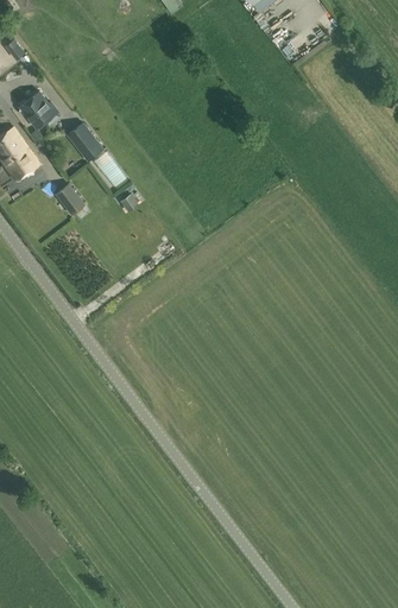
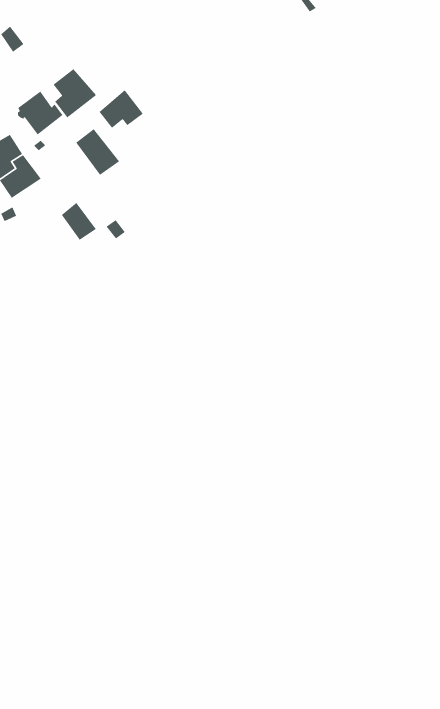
building: none -> [52,68,97,118]
building: none -> [99,89,144,129]

